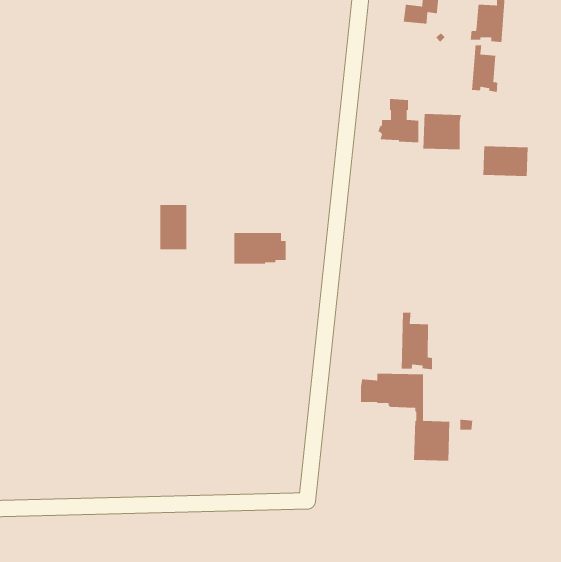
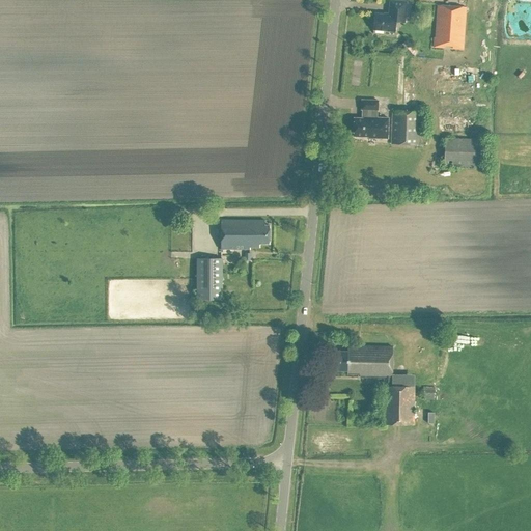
building: [471,44,498,93] -> none
building: [160,204,187,250] -> [198,261,223,303]
building: [401,312,433,370] -> none

